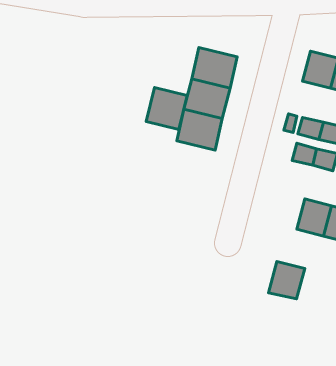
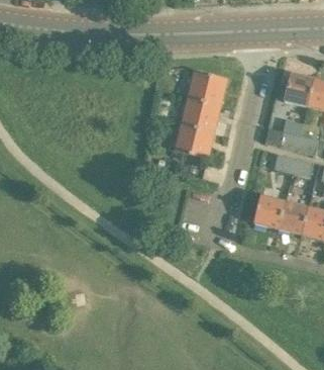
building: [146,87,187,129] -> none
building: [269,262,305,299] -> [253,194,285,226]

